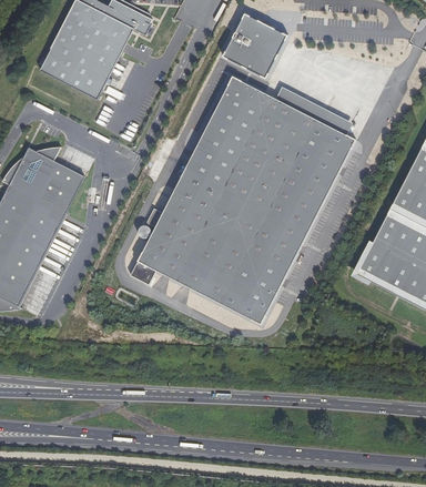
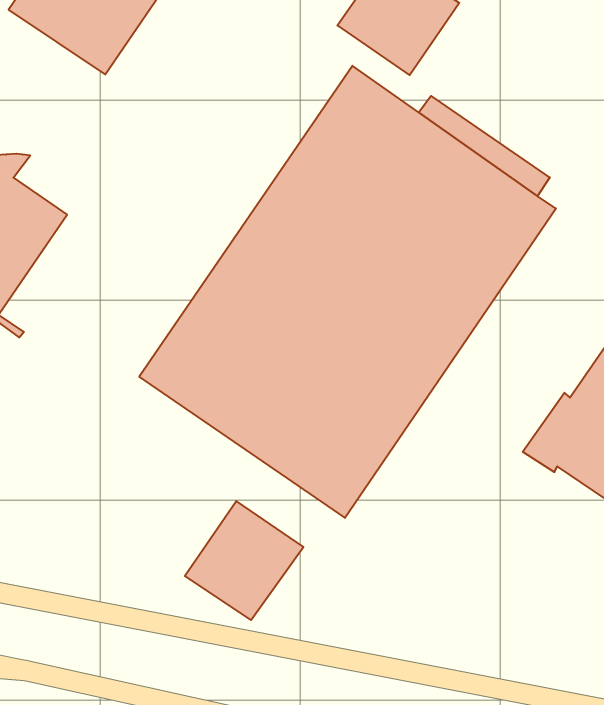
building: none -> [185,501,303,620]

